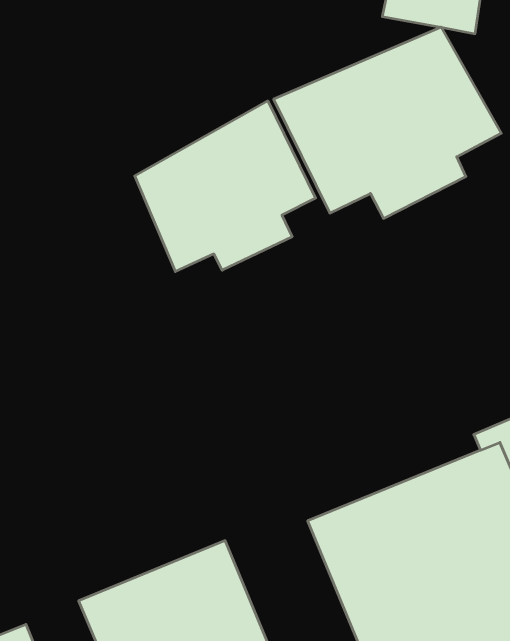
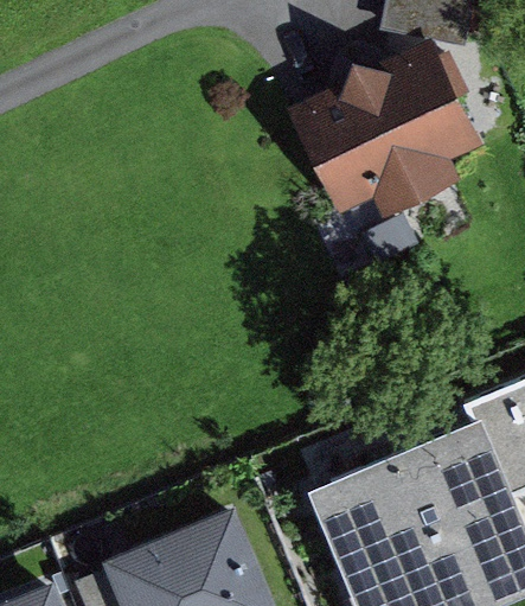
building: [135,101,316,272] -> none

